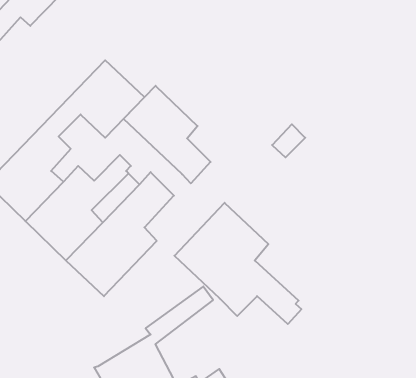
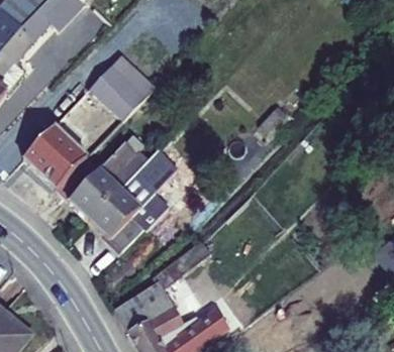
building: [123,86,211,183] -> none
building: [174,203,301,324] -> none

